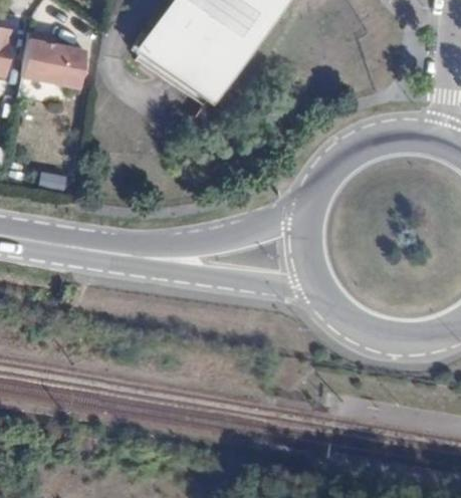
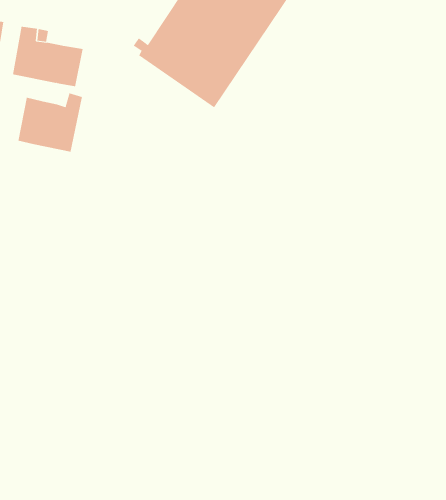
building: none -> [18,93,83,152]

